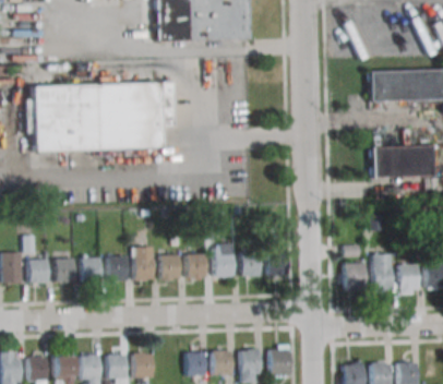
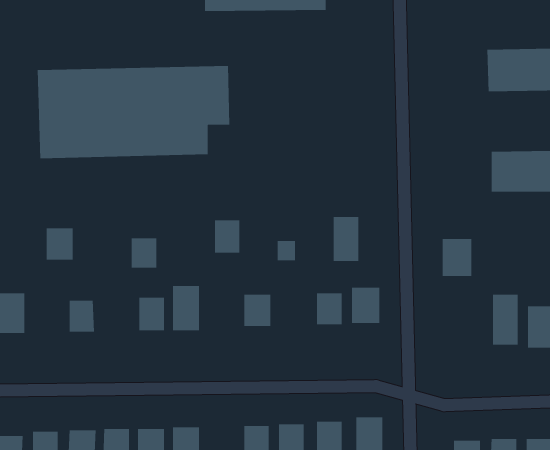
building: [215,243,235,277] -> [333,216,359,262]
building: [160,254,180,279] -> [214,220,240,253]
building: [82,256,101,279] -> [131,238,157,268]
building: [28,259,49,283] -> [46,228,73,260]
building: [344,262,367,290] -> [442,238,472,276]

